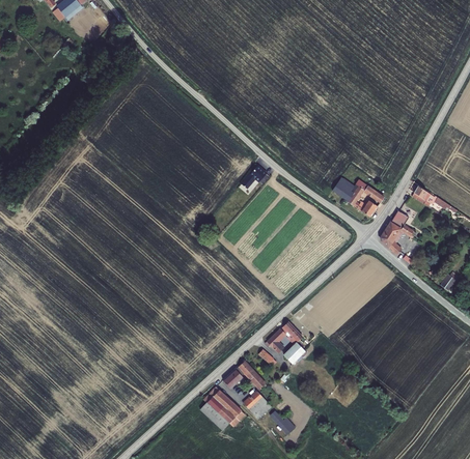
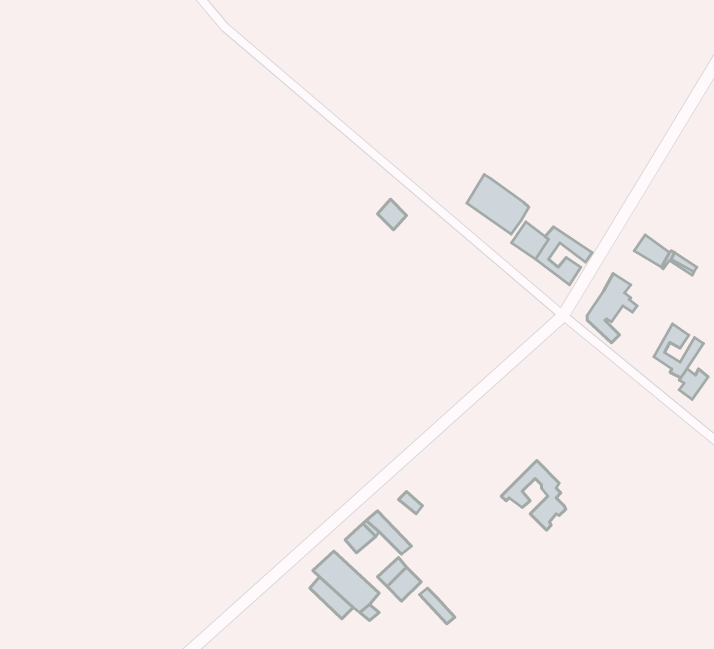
building: none -> [467,175,529,234]
building: none -> [654,324,704,378]
building: [266,322,307,367] -> [501,461,566,530]

